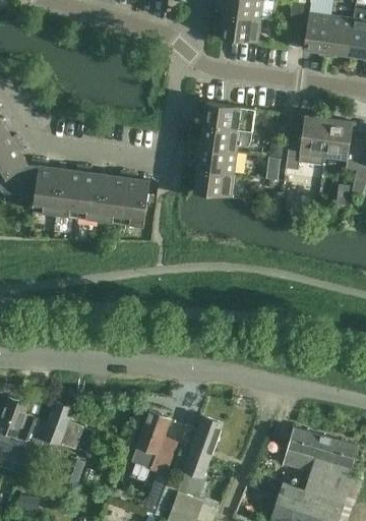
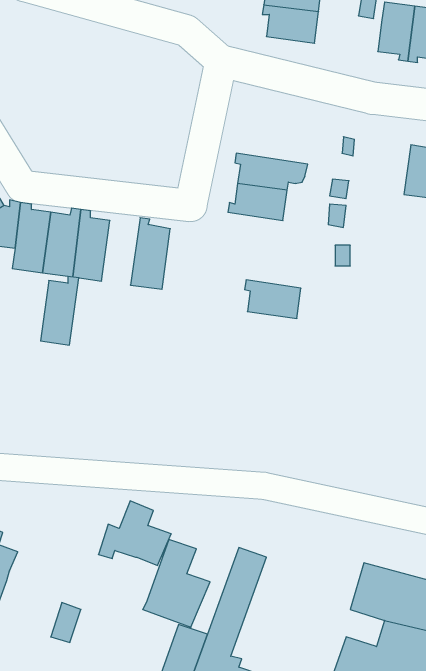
building: [199,103,255,133] -> none
building: [286,116,328,171] -> none
building: [192,169,234,197] -> [245,280,301,318]
building: [100,172,128,223] -> [41,276,79,345]
building: [32,403,85,451] -> [98,501,171,565]

